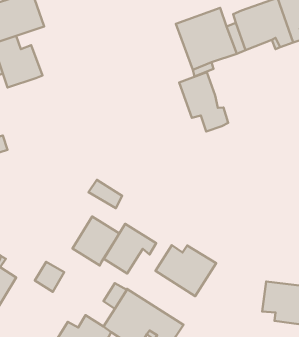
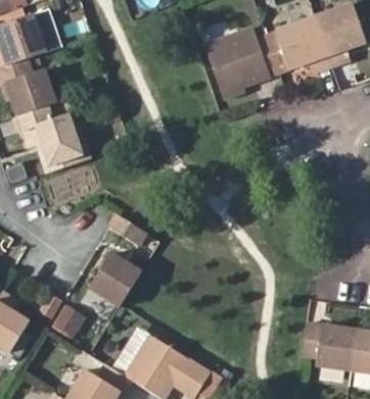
building: [179,72,228,132] -> none
building: none -> [21,104,95,171]
building: [104,224,156,273] -> none
building: [156,245,216,296] -> none

